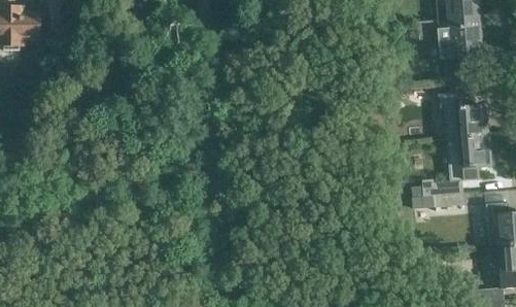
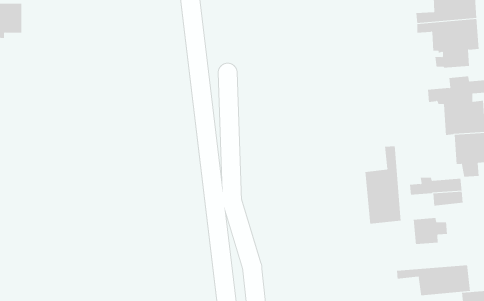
building: none -> [365,146,401,225]
building: none -> [413,217,448,245]
building: none -> [397,265,470,296]

